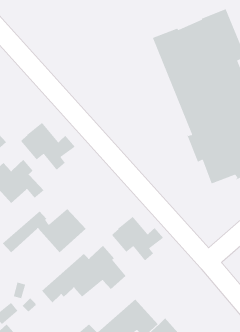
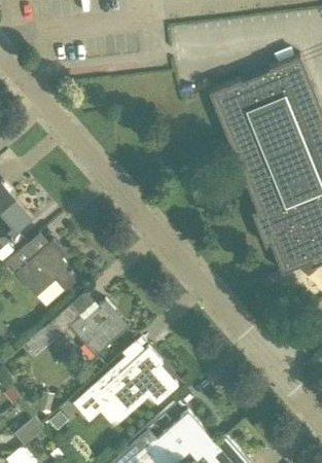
building: [20,122,76,171] -> none
building: [111,216,164,262] -> none

